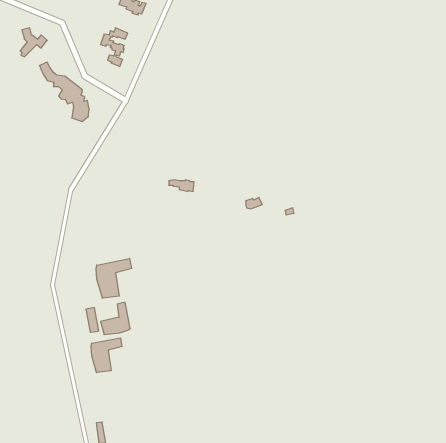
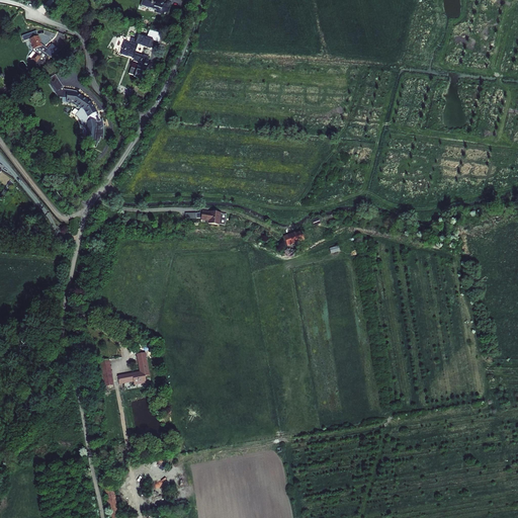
building: [96,258,131,298] -> none
building: [91,338,122,373] -> none

